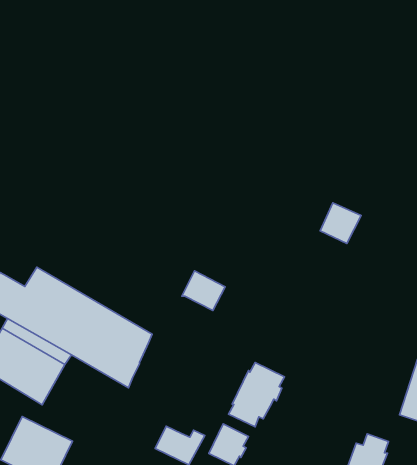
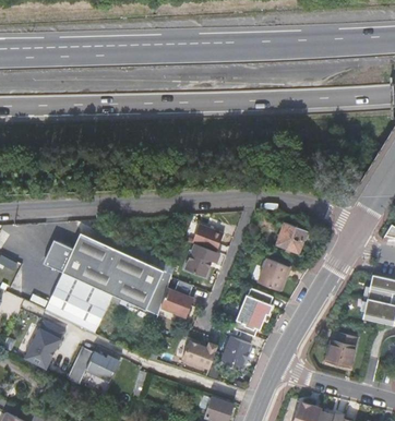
building: [320,203,361,243] -> [277,222,307,252]
building: none -> [184,243,219,276]
building: none -> [258,258,288,290]
building: none -> [159,288,193,317]

